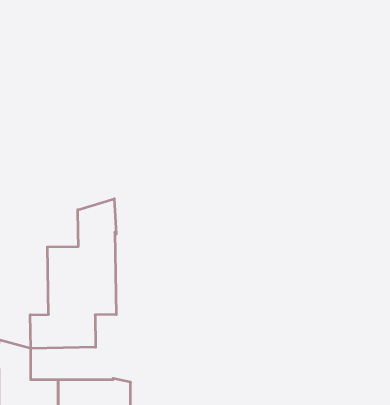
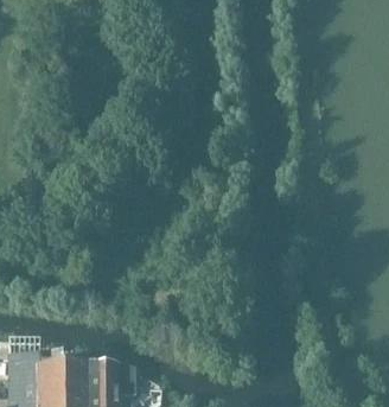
building: [30,199,116,348] -> none

